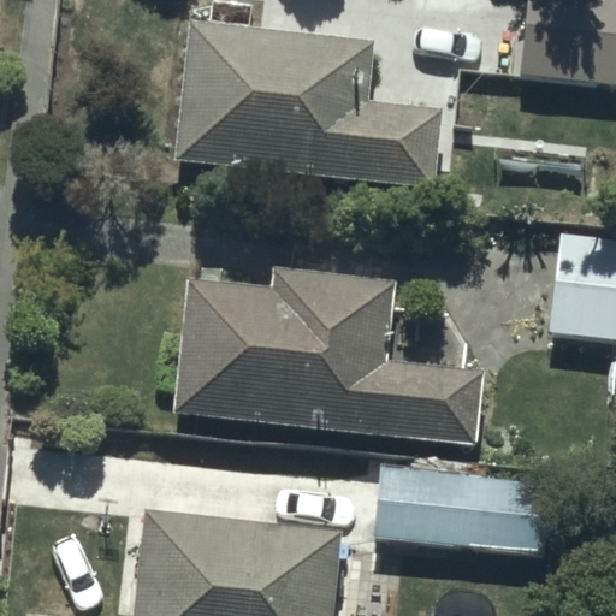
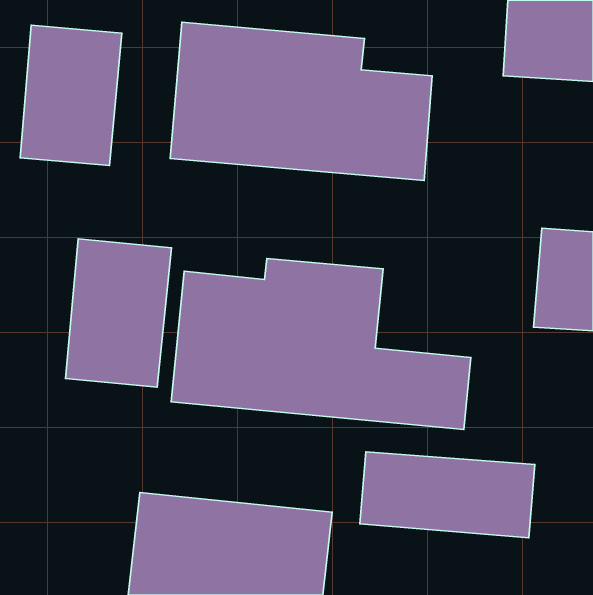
building: none -> [20,25,122,166]
building: none -> [65,239,171,387]

